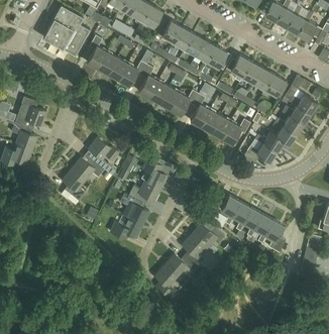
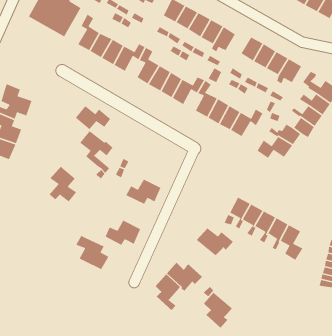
building: [72,158,104,181] -> [75,105,111,130]
building: [141,159,168,189] -> none
building: [119,194,149,225] -> [75,235,109,270]
building: [182,235,208,267] -> [203,292,233,329]

